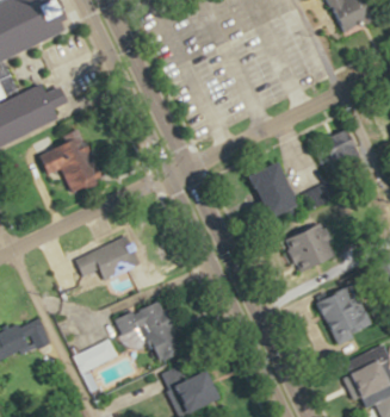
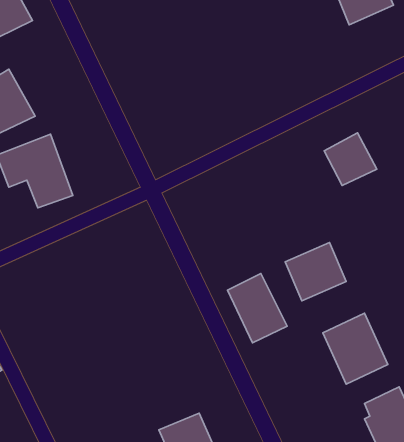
building: [252,162,303,222] -> [227,273,287,343]
building: [74,236,141,280] -> none
building: [113,299,184,365] -> none
building: [72,341,114,372] -> none

